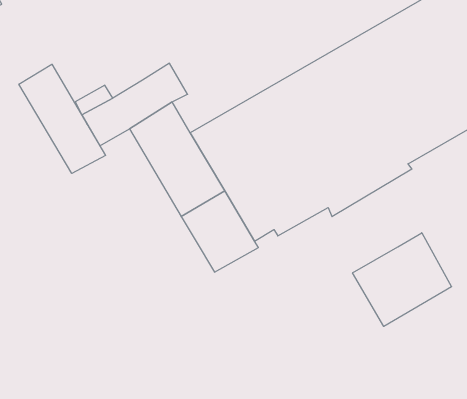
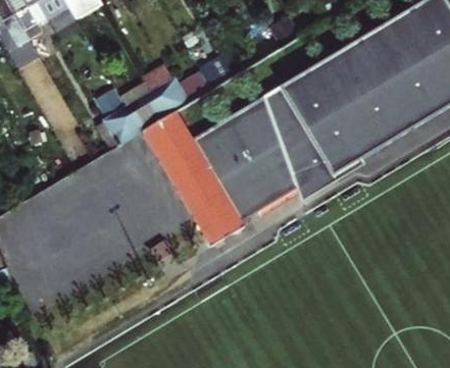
building: [19,64,106,173] -> none
building: [353,233,452,326] -> none

